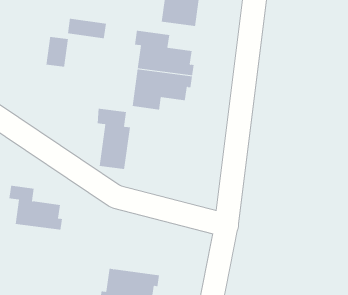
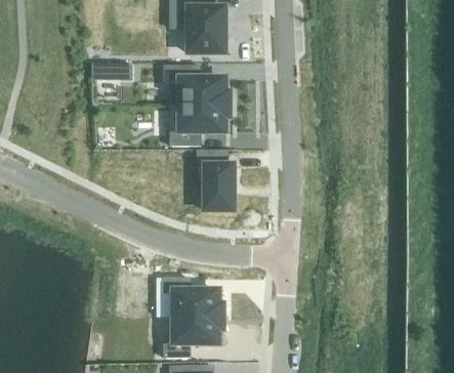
building: [46,36,68,68] -> none
building: [97,108,131,170] -> [197,151,234,211]
building: [9,185,63,230] -> [164,278,223,318]

